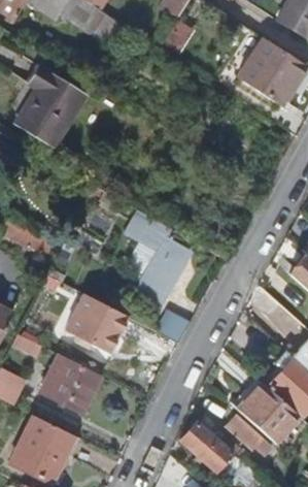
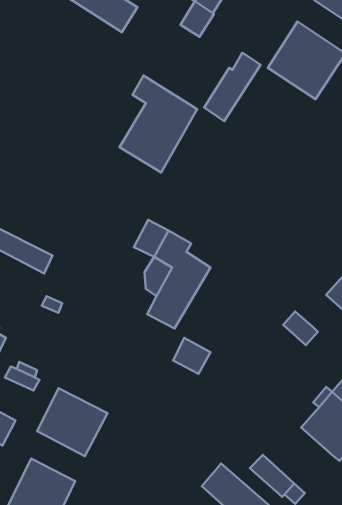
building: none -> [204,53,261,121]
building: [20,66,87,150] -> [119,76,197,172]
building: [66,294,128,352] -> none
building: [237,381,295,442] -> none

